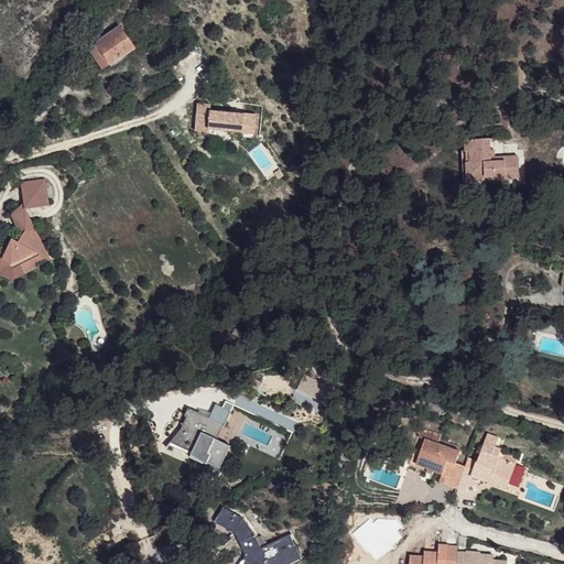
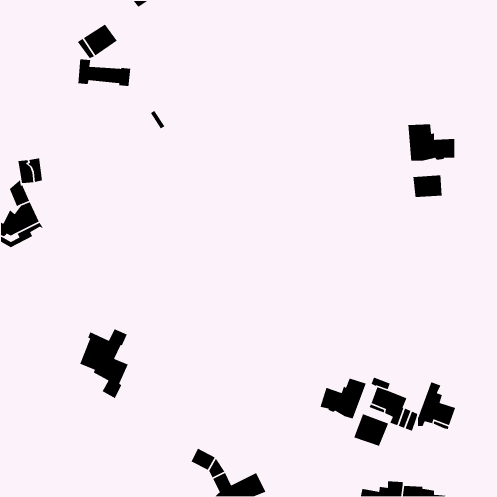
building: [195,102,256,134] -> [78,59,131,87]
building: none -> [413,174,442,198]
building: [176,404,232,485] -> [79,328,129,399]
building: none -> [320,377,367,419]
building: none -> [353,413,389,447]

